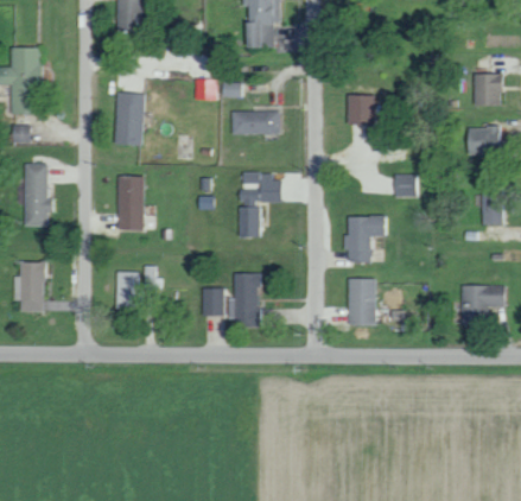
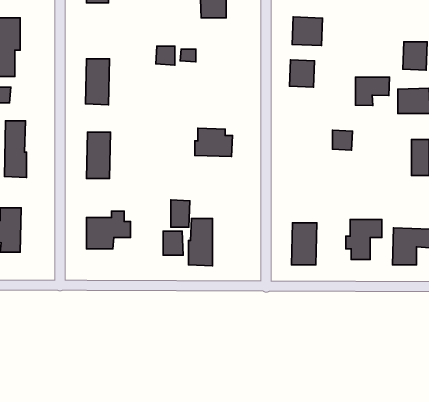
building: none -> [292,17,323,46]
building: [231,110,278,134] -> none
building: none -> [355,77,389,106]
building: [239,205,260,236] -> [171,200,190,227]
building: [343,216,383,261] -> [346,219,382,259]

